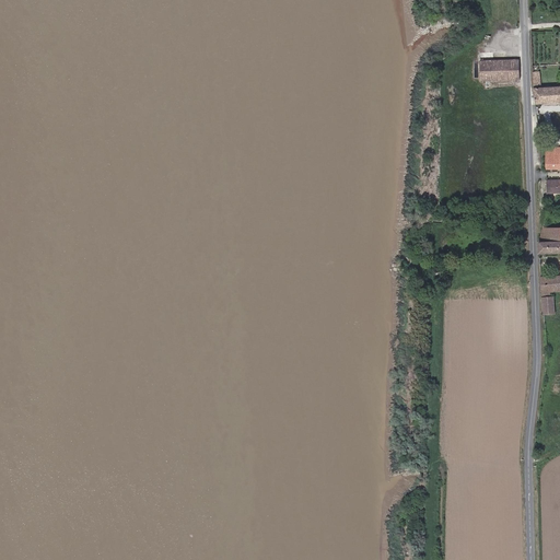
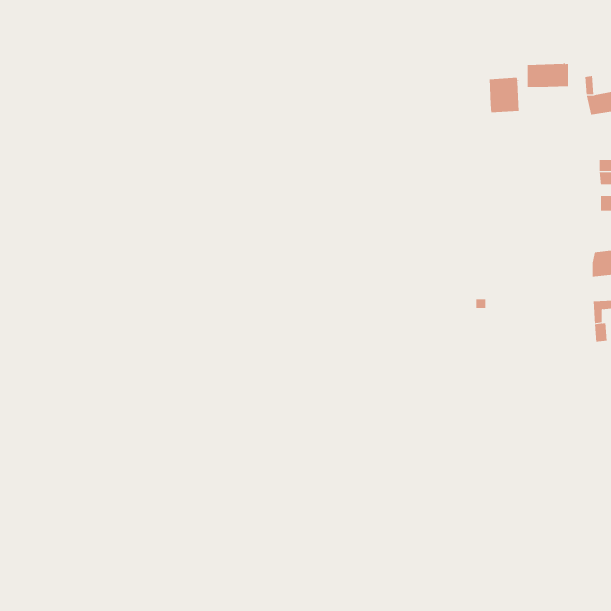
building: none -> [489,77,519,113]

